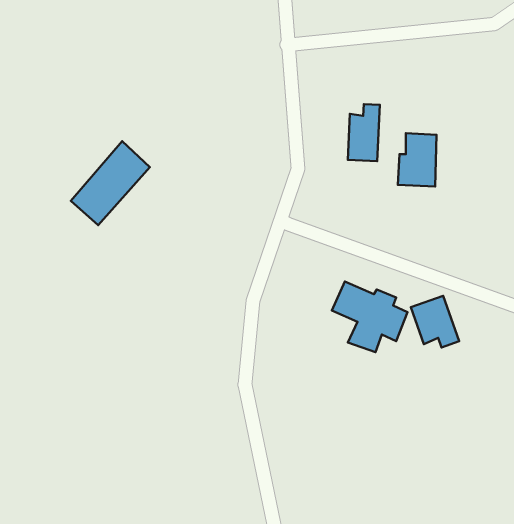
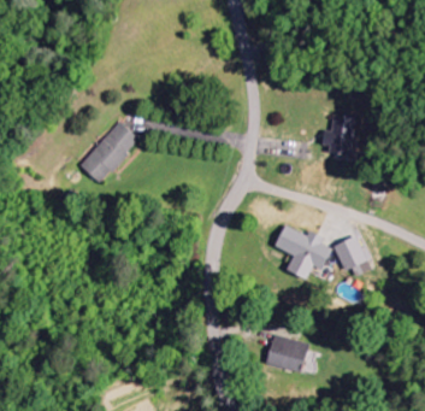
building: [348,104,380,161] -> none
building: none -> [266,335,309,372]

